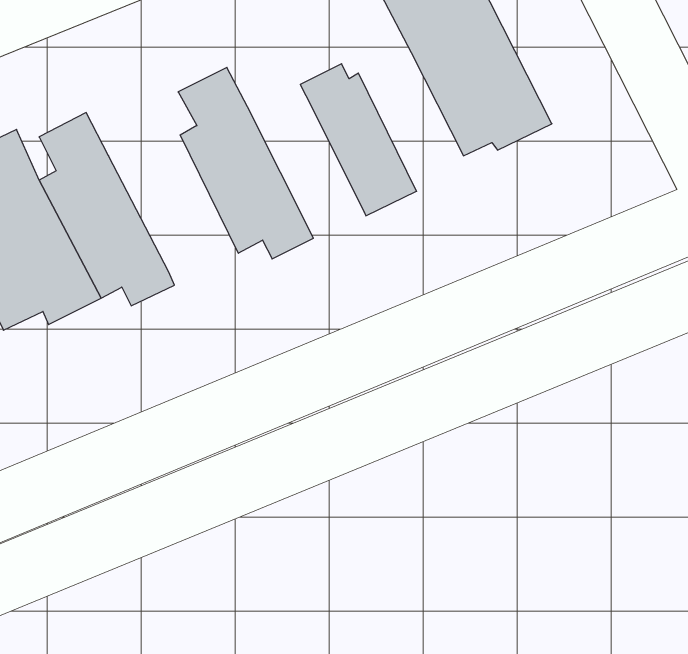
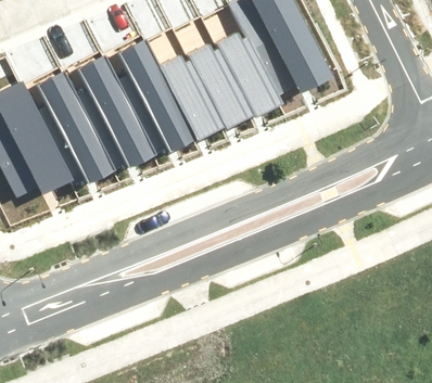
building: none -> [217,29,284,117]
building: none -> [156,54,224,142]
building: none -> [75,55,153,167]

